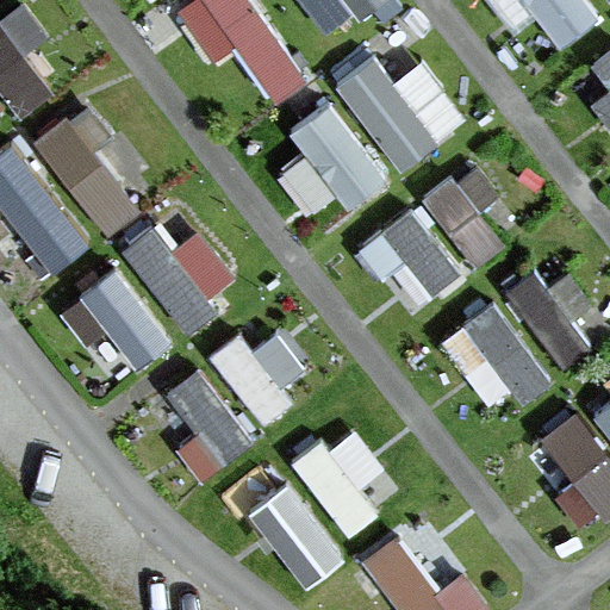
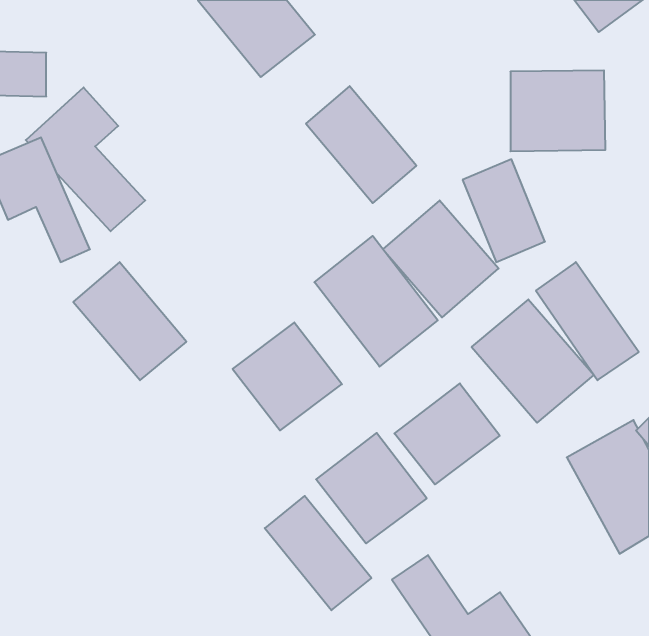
building: [359,69,447,144] -> [510,70,605,151]
building: [118,225,239,324] -> none
building: none -> [314,236,438,367]
building: [145,366,259,480] -> none
building: none -> [394,383,500,484]

